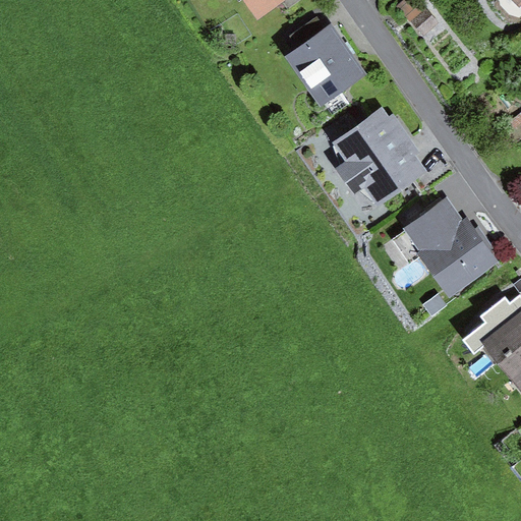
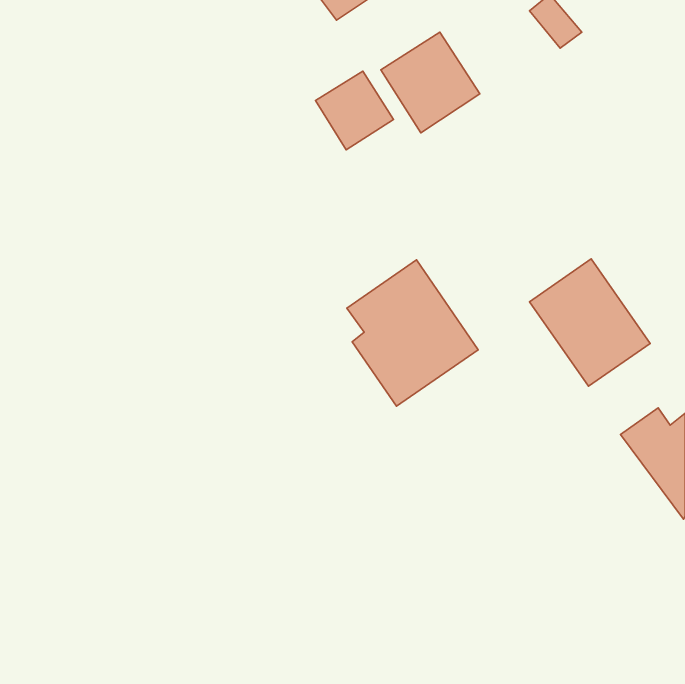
building: none -> [316,71,394,150]
building: [331,106,430,217] -> [347,260,478,406]

